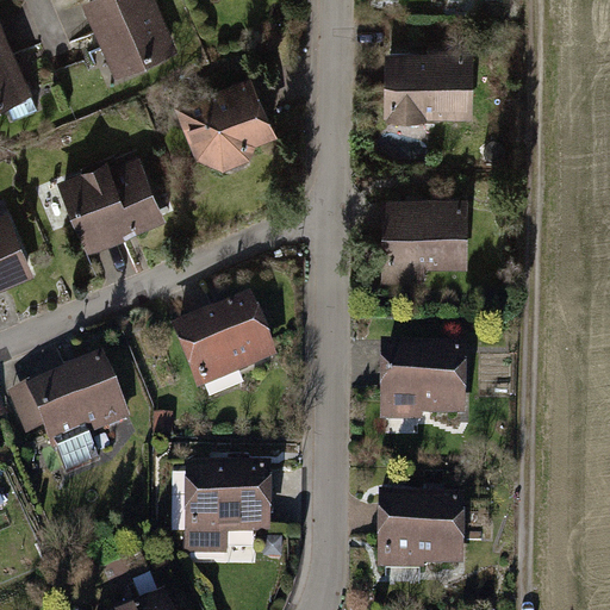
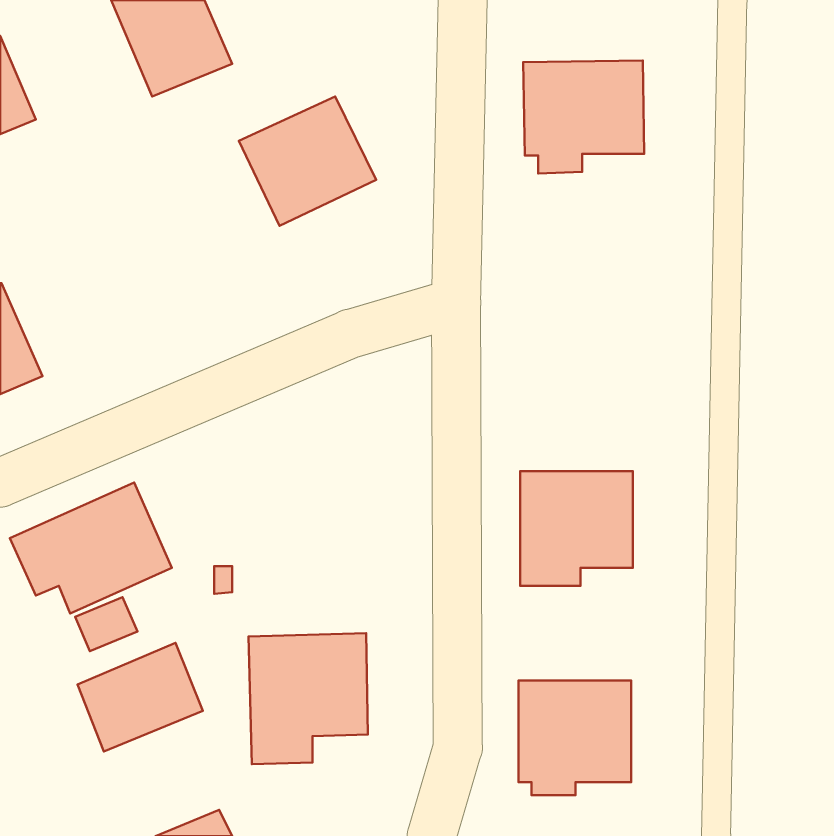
building: [57,154,161,245] -> none
building: [380,191,466,276] -> none
building: [174,293,274,388] -> none
building: none -> [78,643,203,752]

